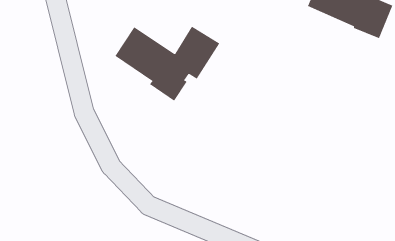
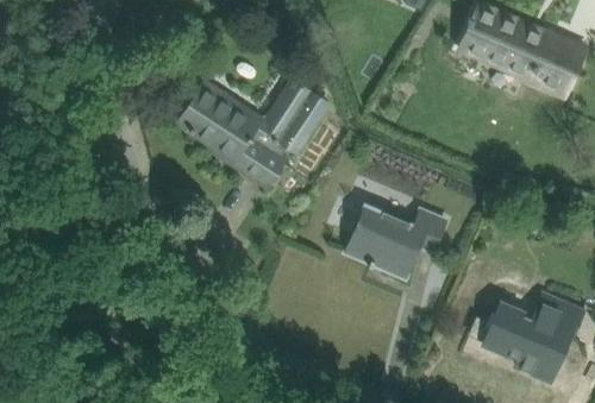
building: none -> [346,207,445,276]
building: none -> [483,295,582,374]

